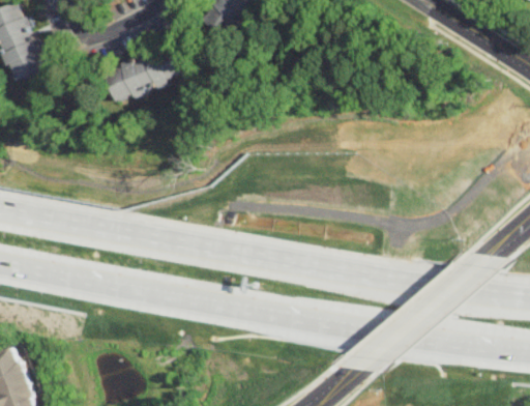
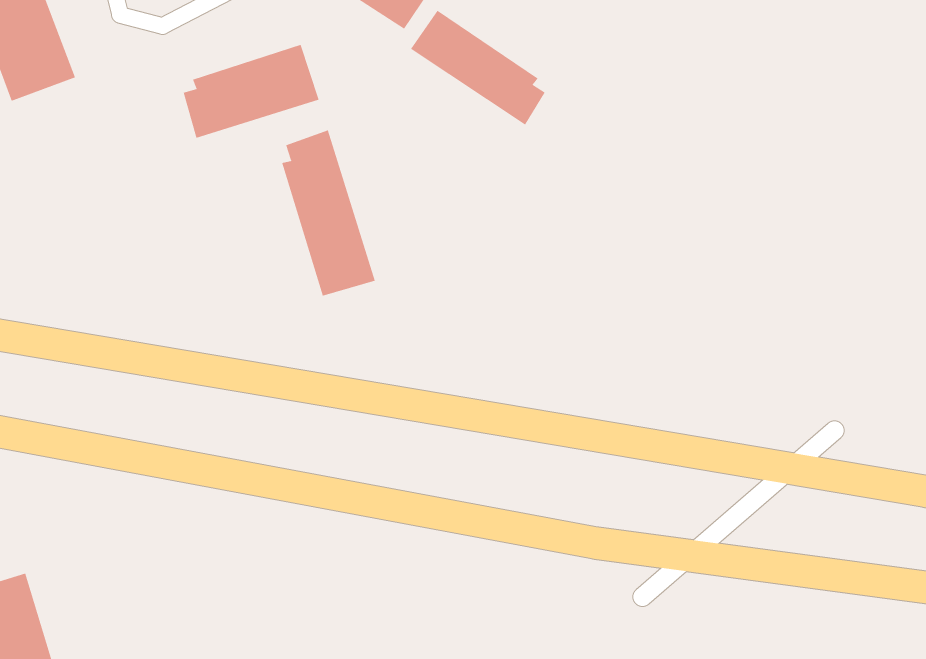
building: none -> [410,10,545,126]
building: none -> [281,130,376,296]

